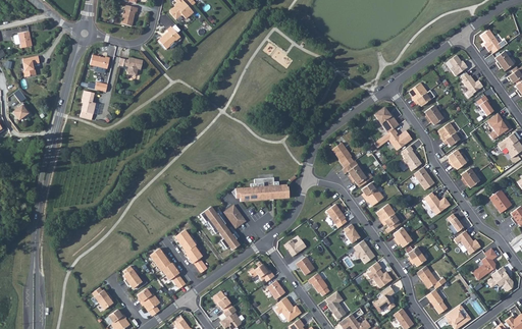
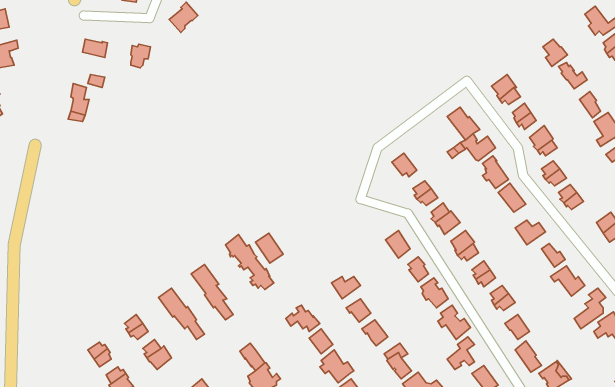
building: [236,176,290,200] -> none

